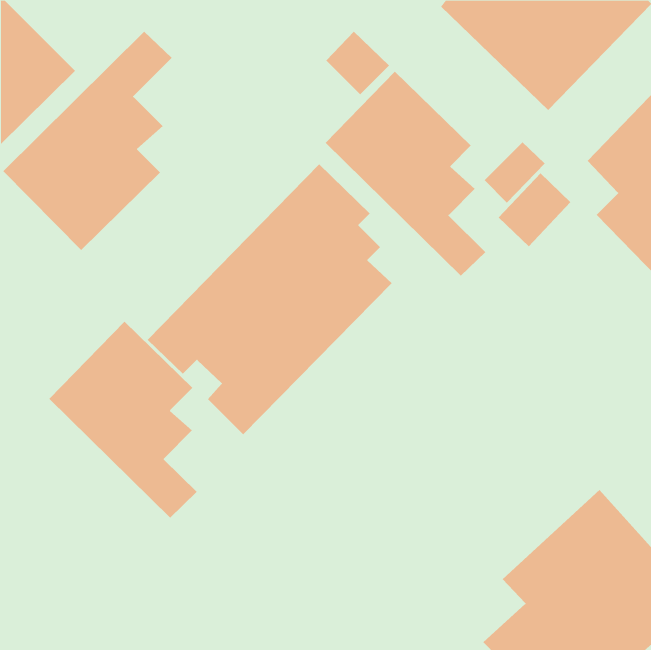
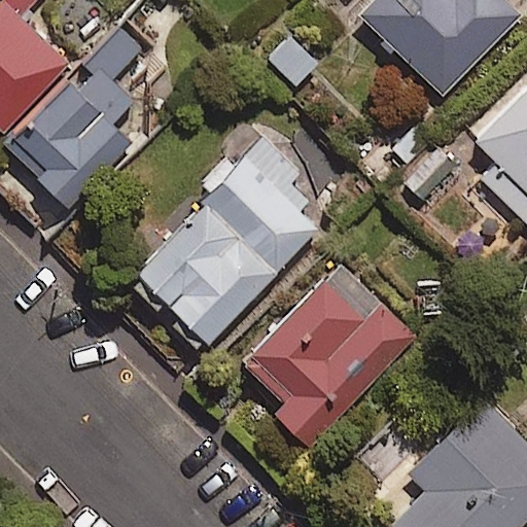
building: [325,71,486,277] -> none
building: none -> [238,260,418,445]
building: [48,321,197,519] -> none

